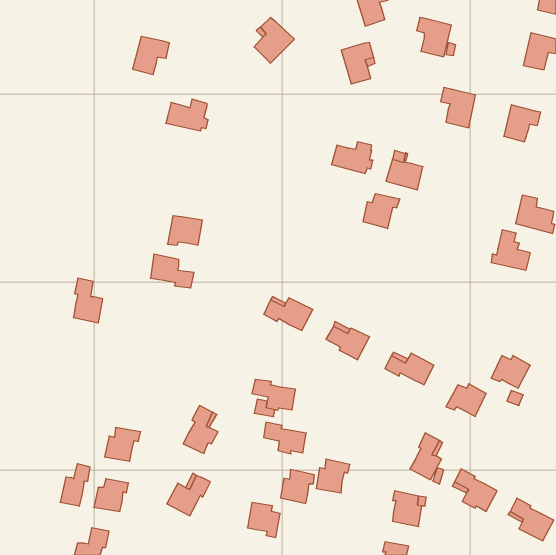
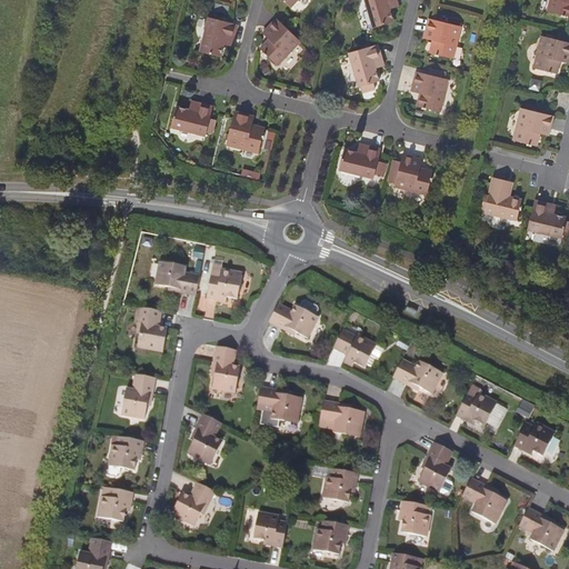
building: [133,36,170,75] -> [199,17,237,56]
building: [441,87,475,128] -> [411,70,447,111]
building: none -> [226,110,263,150]
building: [363,194,400,229] -> none
building: [167,216,202,245] -> [206,267,241,297]
building: [491,230,530,270] -> [480,176,520,217]
building: [73,278,103,323] -> [138,307,168,352]
building: none -> [212,346,238,392]
building: [491,355,530,388] -> [513,421,553,455]
building: none -> [122,375,156,418]
building: [264,422,306,454] -> [320,400,363,432]
building: [60,464,90,506] -> none
building: [281,470,314,503] -> [312,520,347,555]

